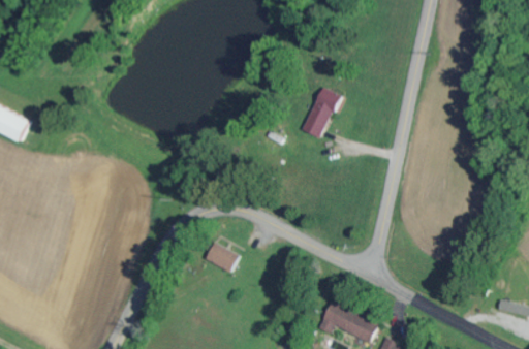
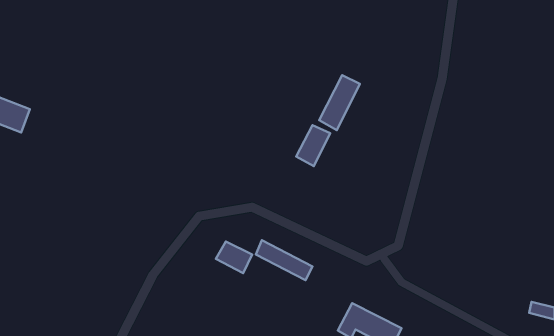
building: none -> [296,125,330,166]
building: none -> [256,240,313,280]

